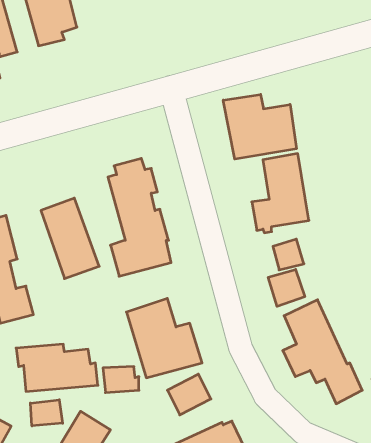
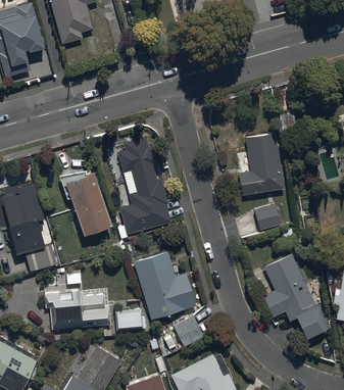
building: [223,94,296,159] -> none
building: [268,269,305,306] -> none
building: [30,400,63,426] -> none

